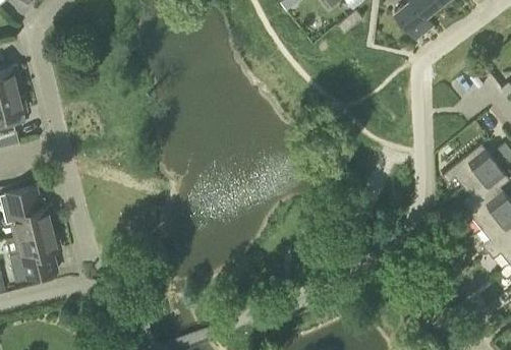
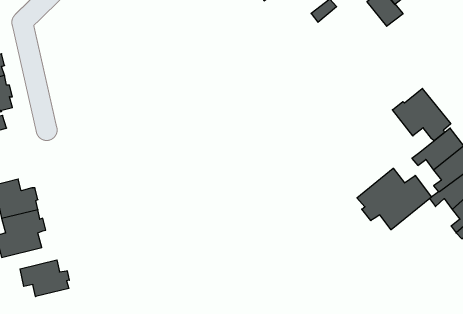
building: none -> [392,88,451,141]
building: none -> [357,168,432,230]
building: none -> [20,260,69,297]

